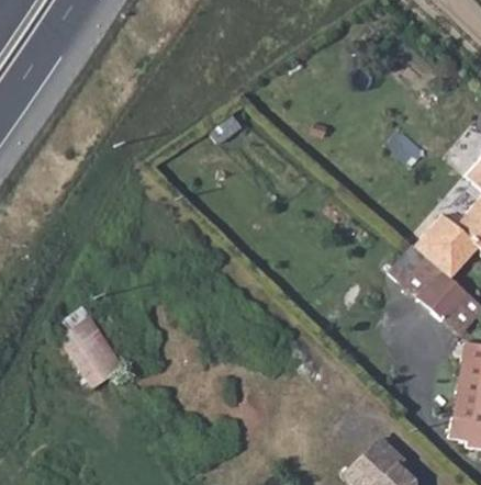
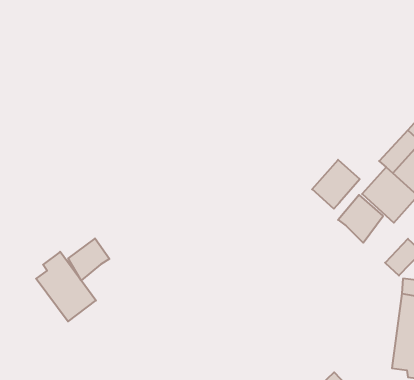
building: none -> [312,160,360,209]
building: [420,270,469,322] -> none
building: none -> [68,238,109,281]

